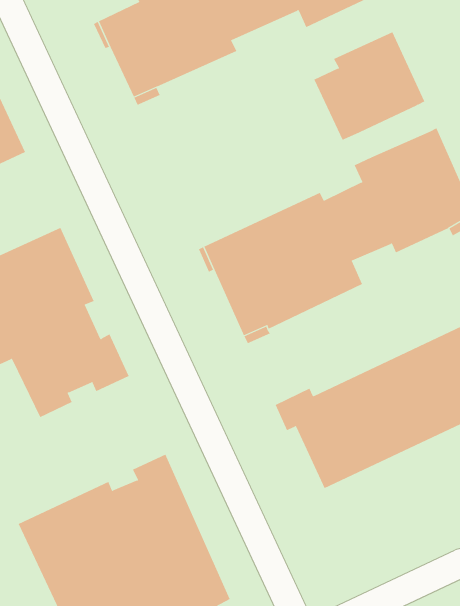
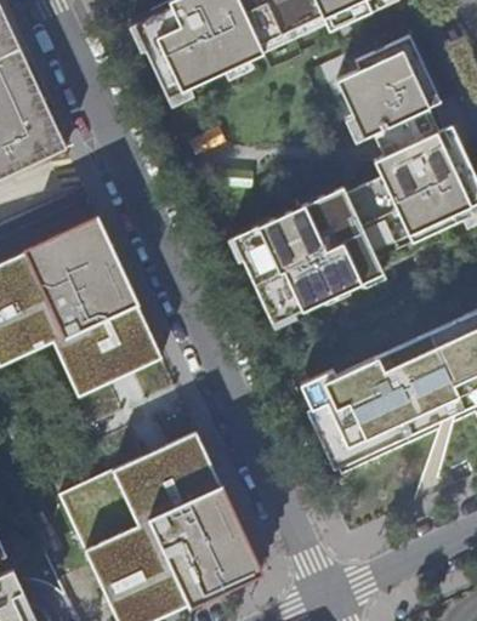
building: none -> [380,104,444,153]

